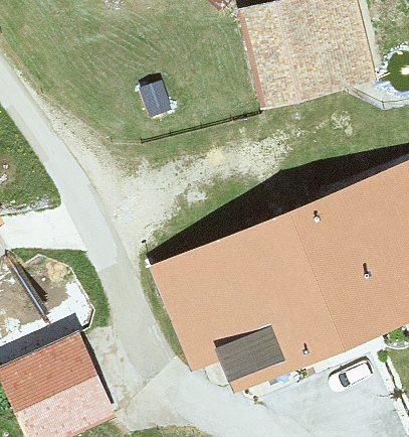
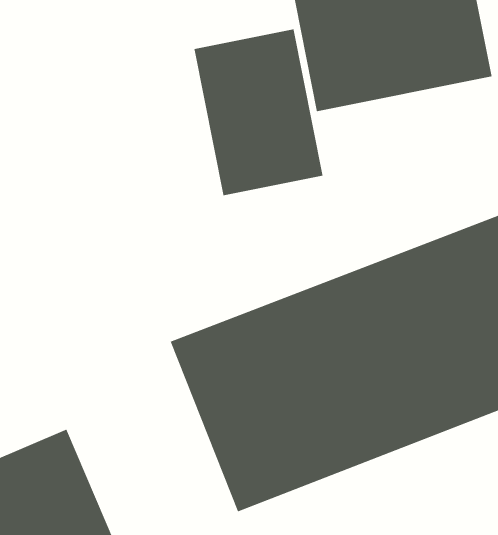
building: none -> [194,29,323,196]

